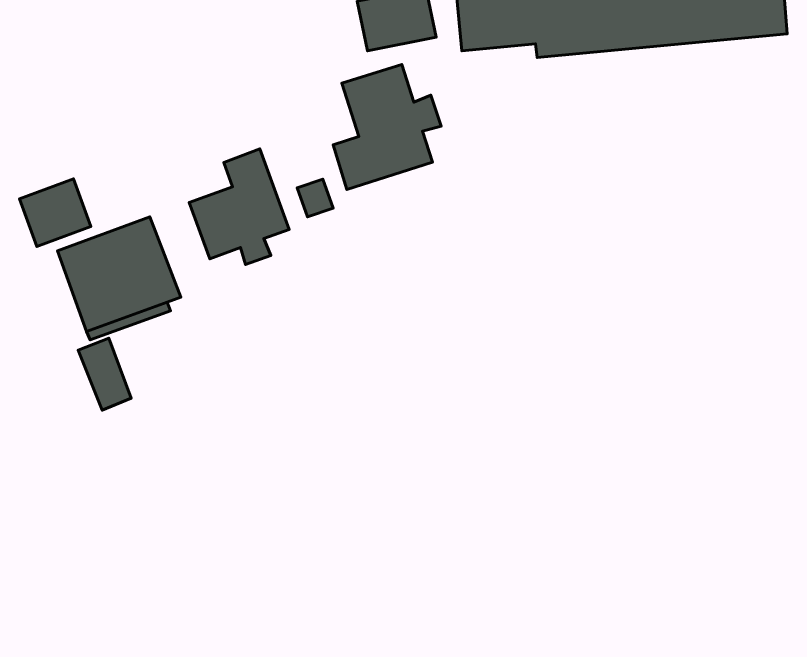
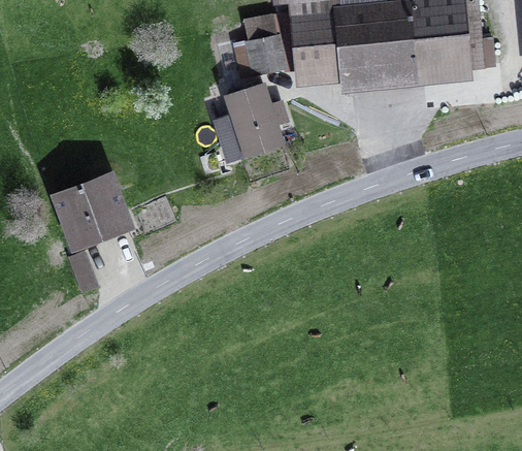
building: [189,149,289,264] -> none
building: [20,179,91,247] -> none

